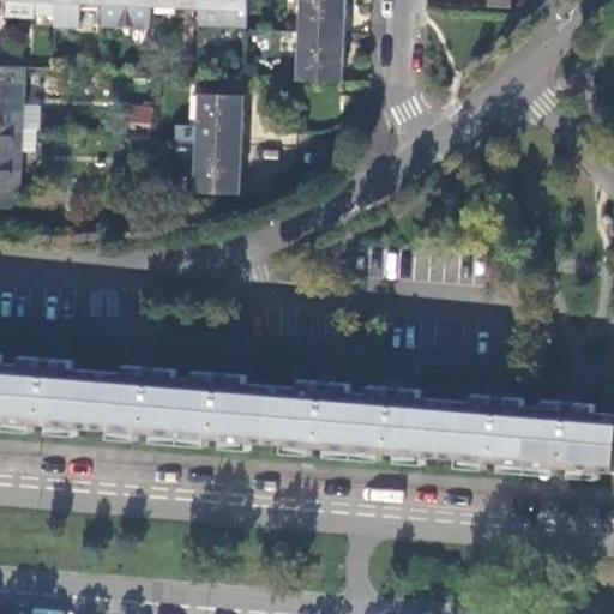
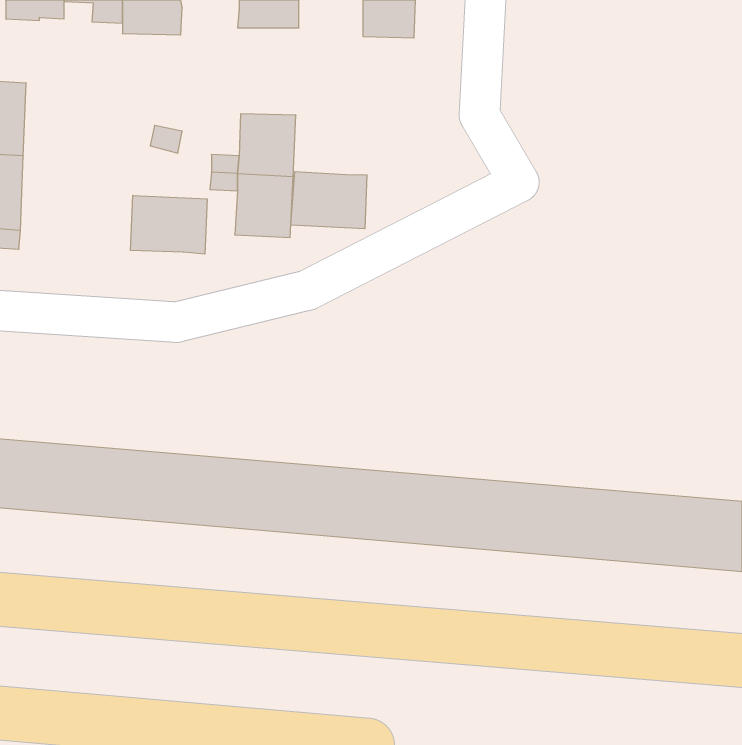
building: [296,30,341,82] -> none
building: none -> [291,172,367,229]
building: none -> [131,195,207,254]

